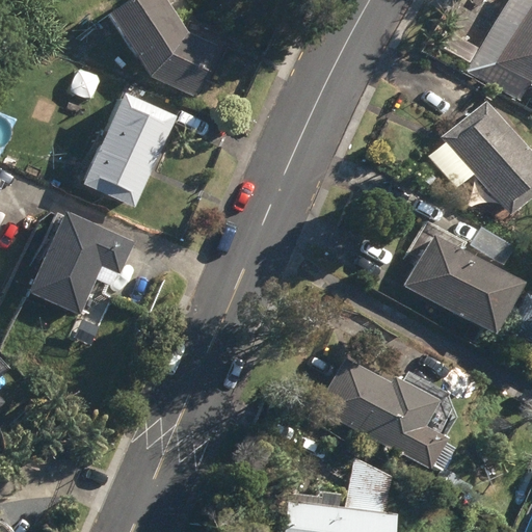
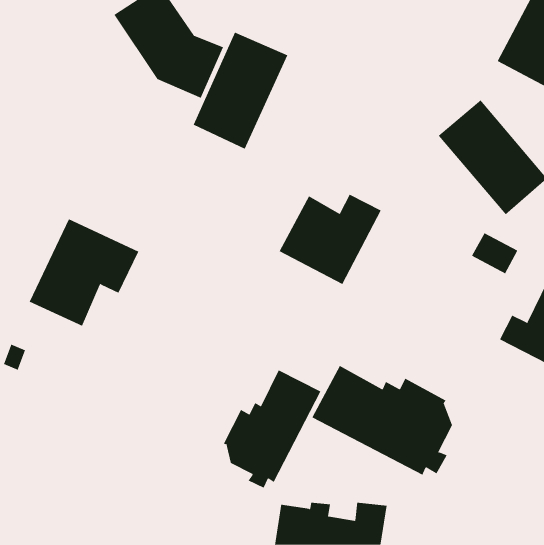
building: [88,94,181,208] -> [193,32,288,150]
building: none -> [279,194,382,285]
building: [392,218,501,326] -> none
building: none -> [223,369,321,489]

